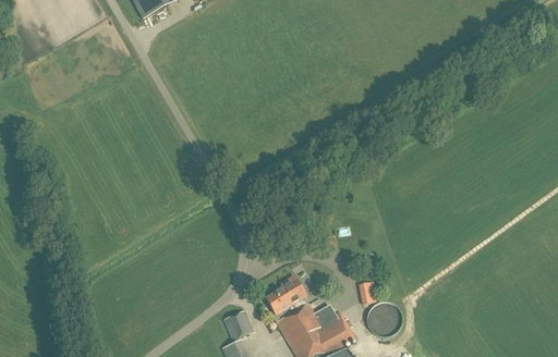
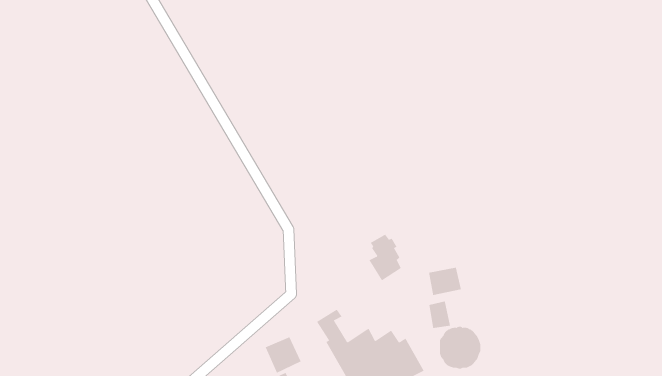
building: none -> [429,267,462,296]
building: [280,275,307,315] -> [368,234,401,281]

